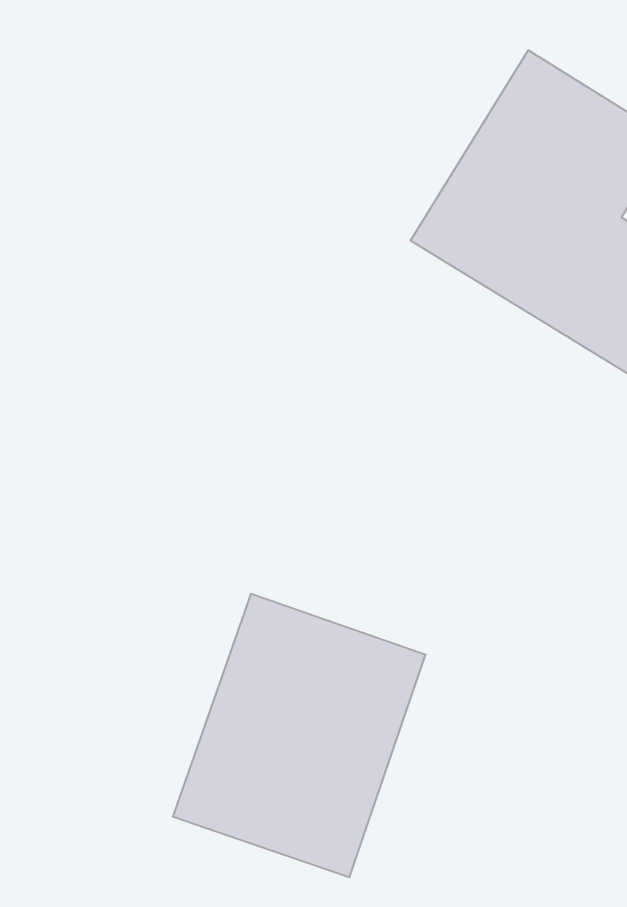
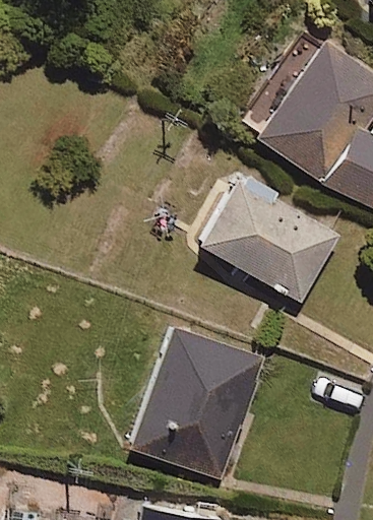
building: none -> [197,175,340,302]

